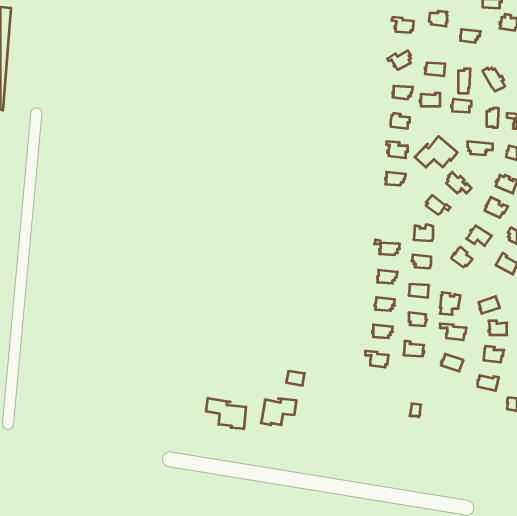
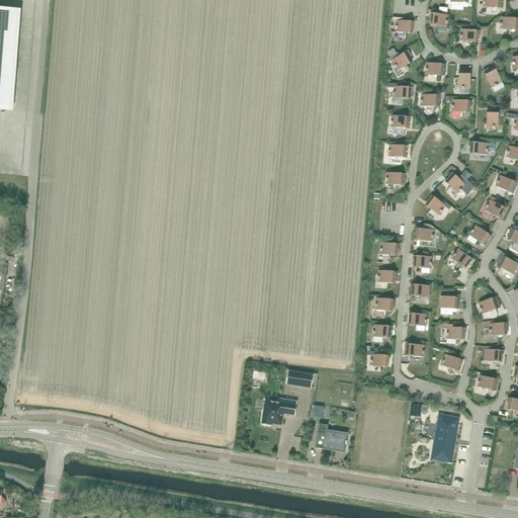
building: [415,136,457,167] -> none
building: [206,398,246,429] -> none
building: none -> [435,415,458,458]
building: none -> [315,424,348,449]

